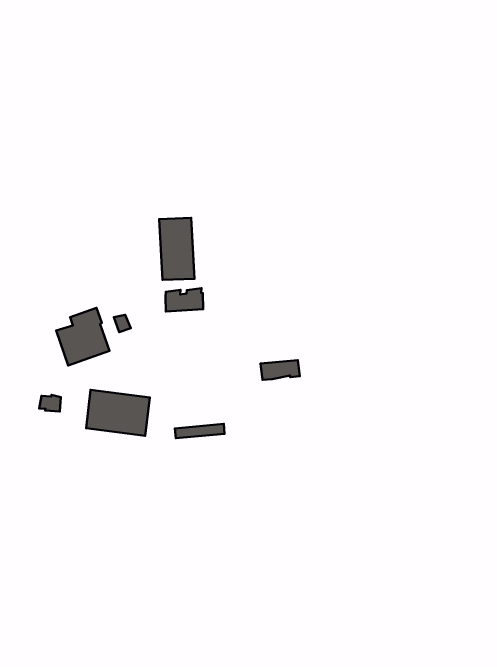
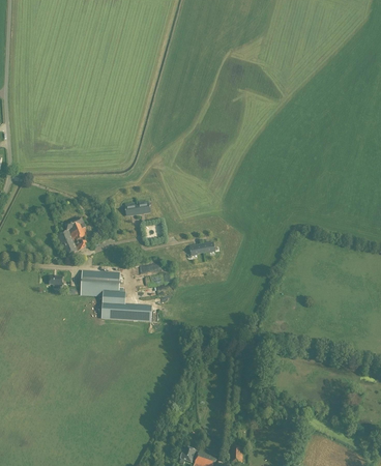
building: [159,218,194,280] -> none
building: none -> [101,302,135,321]

